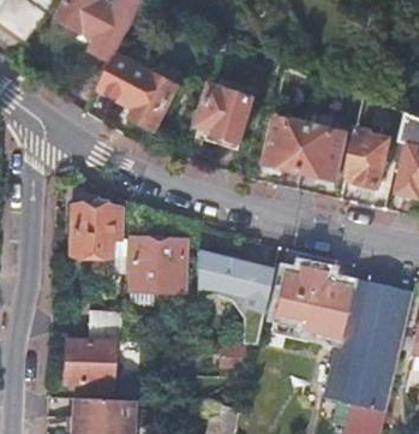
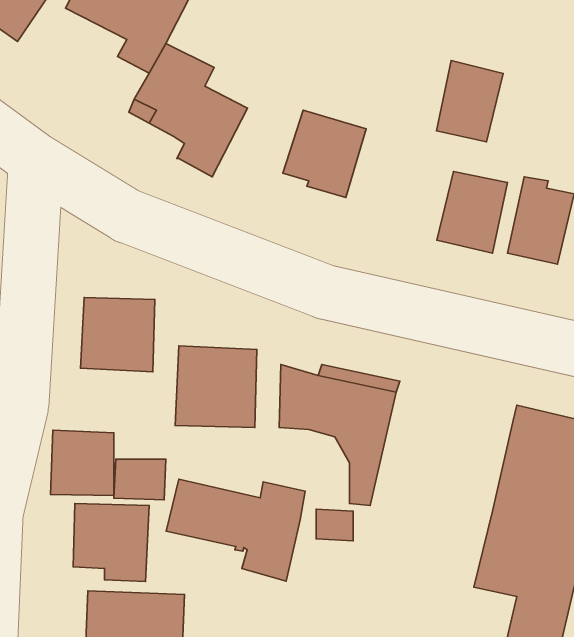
building: [267,118,310,171] -> [436,60,503,142]
building: [271,268,348,346] -> none
building: none -> [51,430,114,496]
building: none -> [166,479,305,581]

